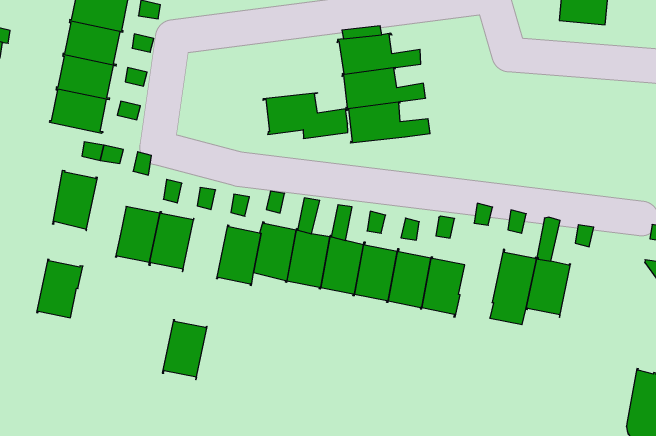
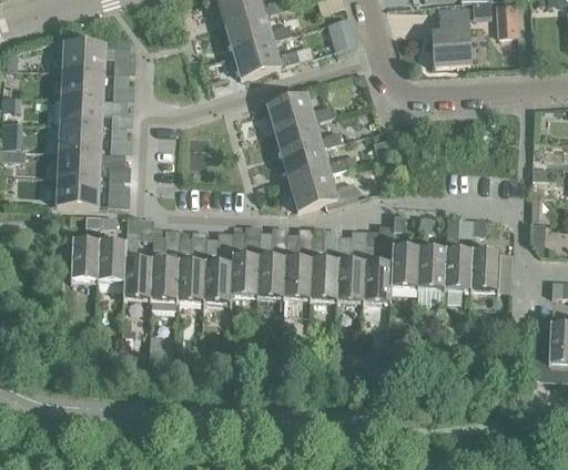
building: [263,93,348,138] -> [290,171,358,208]
building: none -> [390,244,419,287]
building: [37,259,83,318] -> [98,238,128,280]
building: none -> [470,248,500,292]
building: [162,320,207,380] -> [176,258,205,302]

